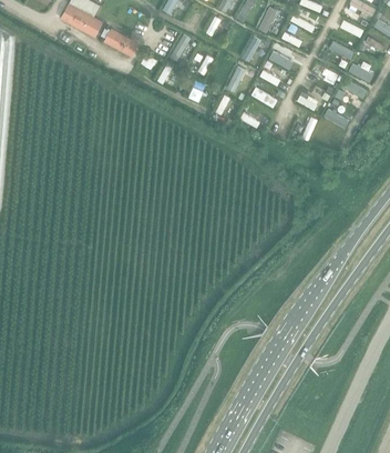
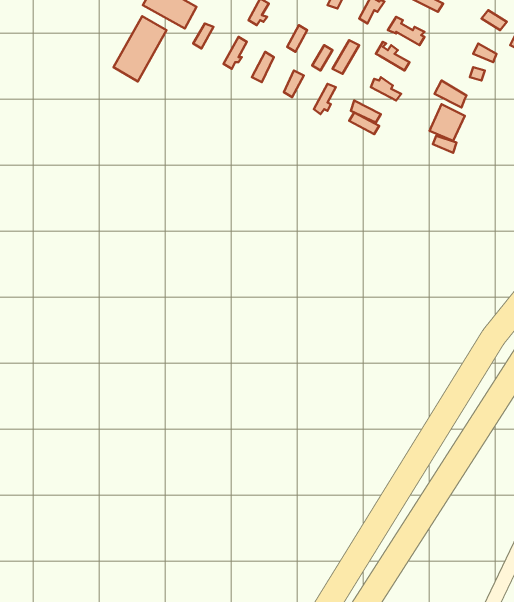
building: none -> [114,16,167,81]

